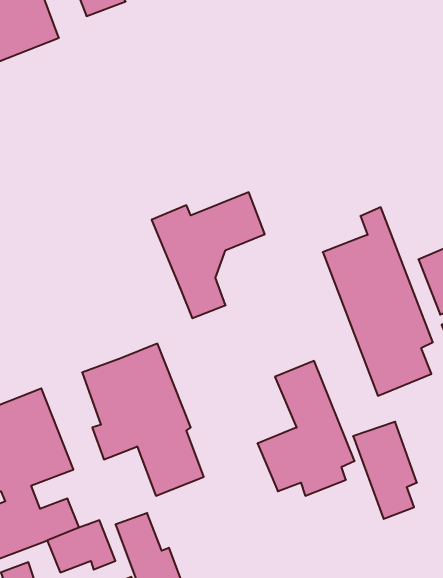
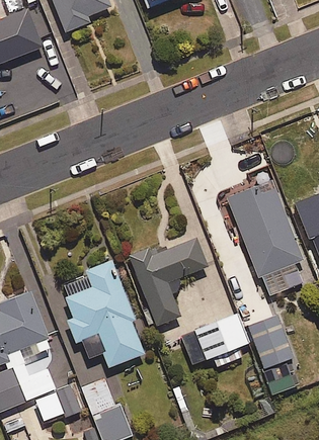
building: [152,192,265,318] -> [129,238,208,326]

